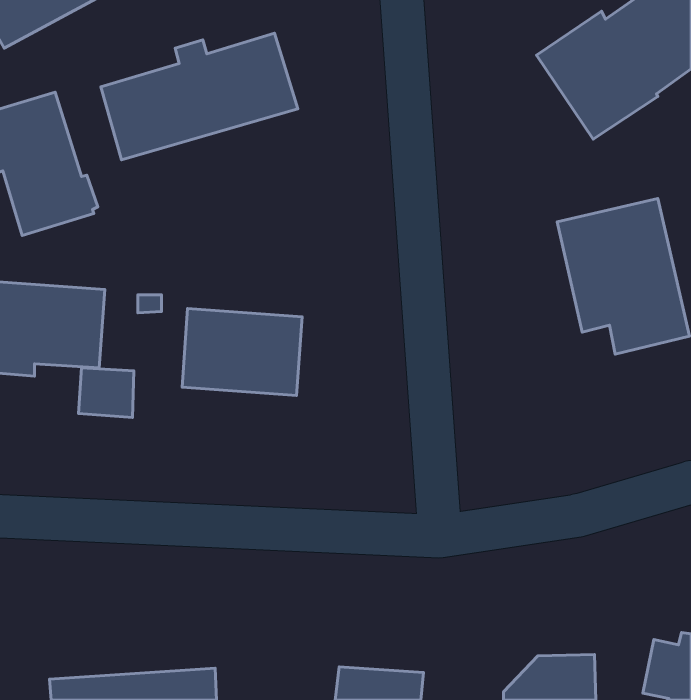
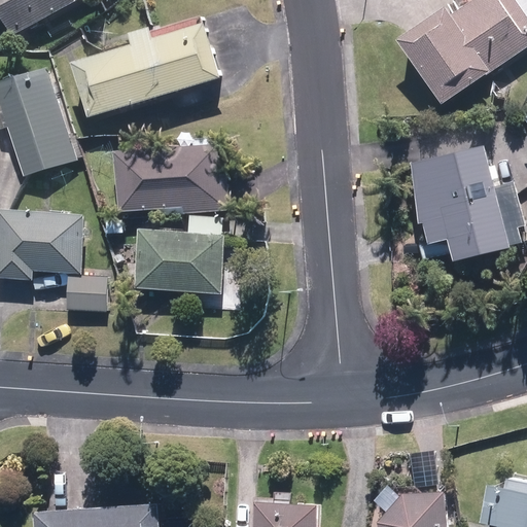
building: none -> [114,147,227,213]

